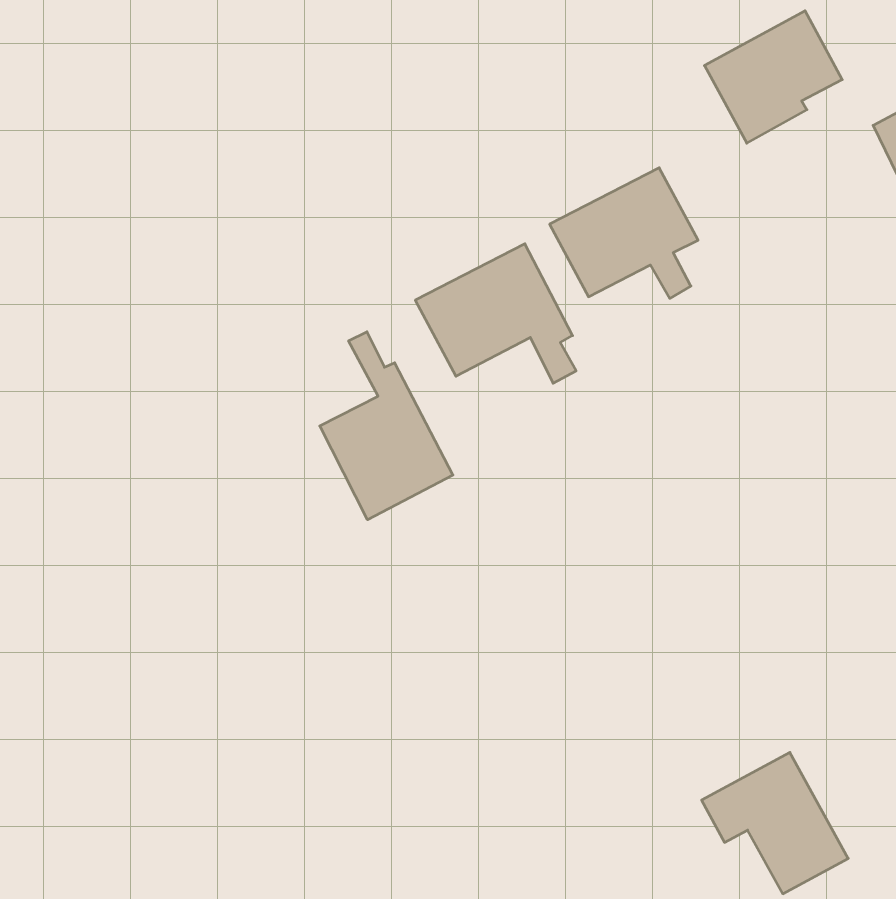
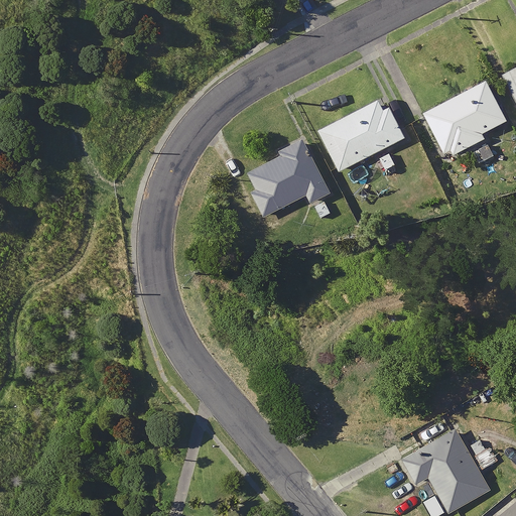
building: [704,11,842,143] -> [426,82,505,157]
building: [320,332,453,520] -> none

